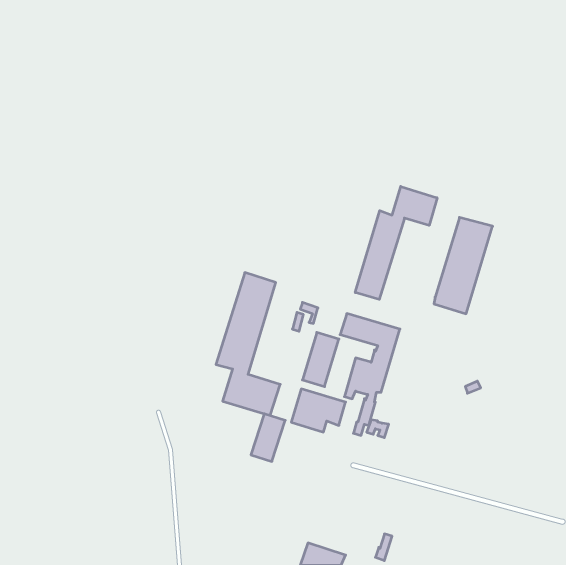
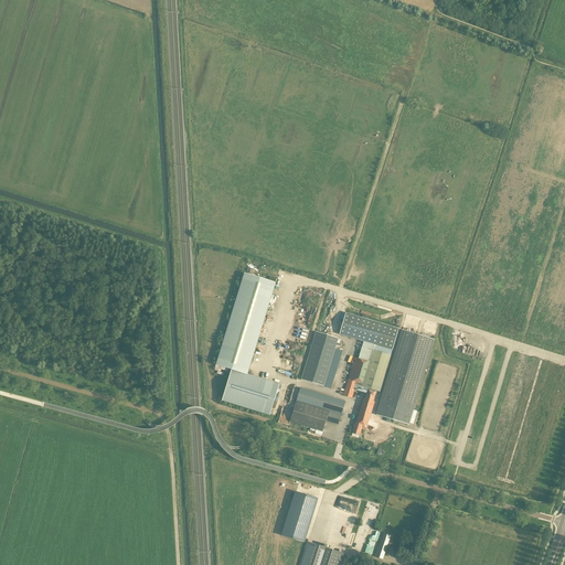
building: [355,186,437,299] -> none
building: [434,217,493,314] -> [376,328,435,424]
building: [251,414,285,461] -> [282,491,317,539]

